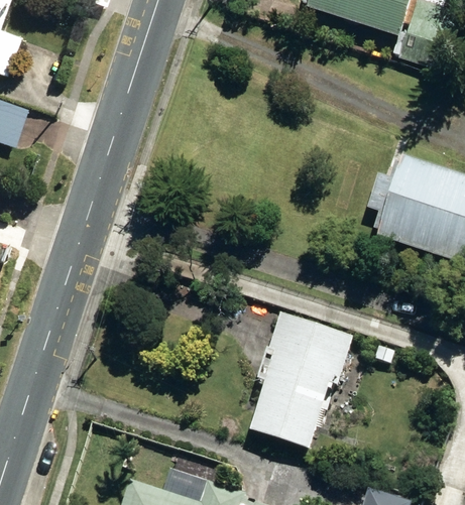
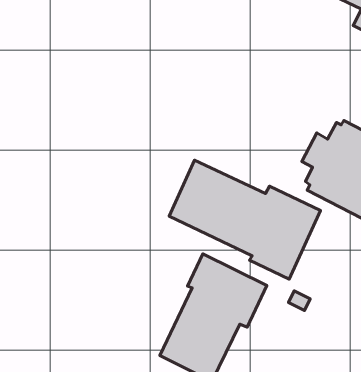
building: none -> [169,160,320,279]

